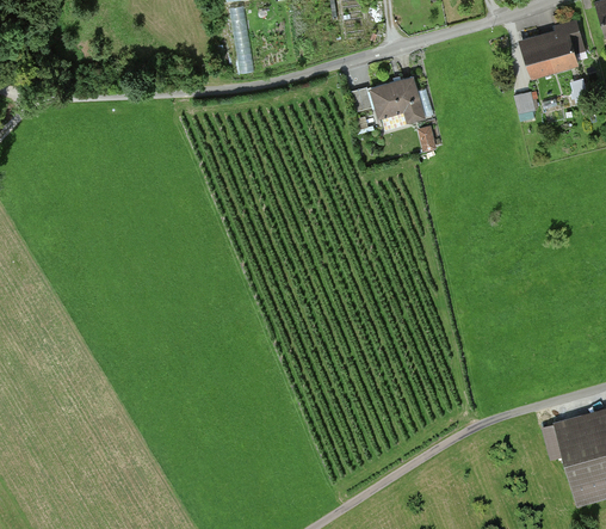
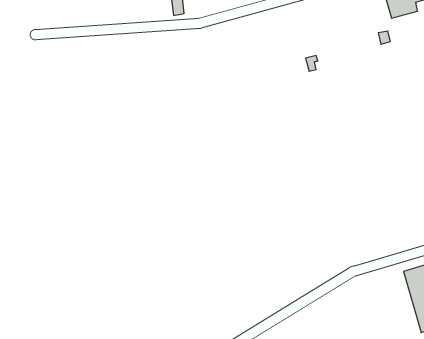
building: [371,79,419,119] -> none

